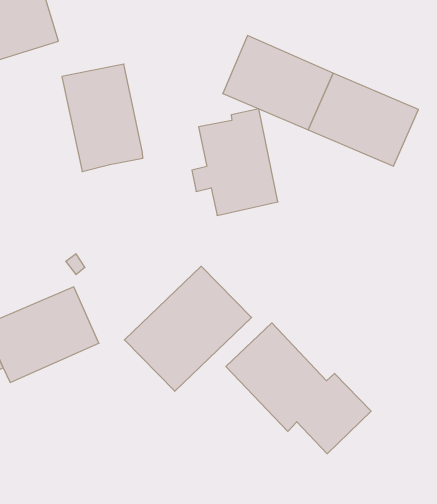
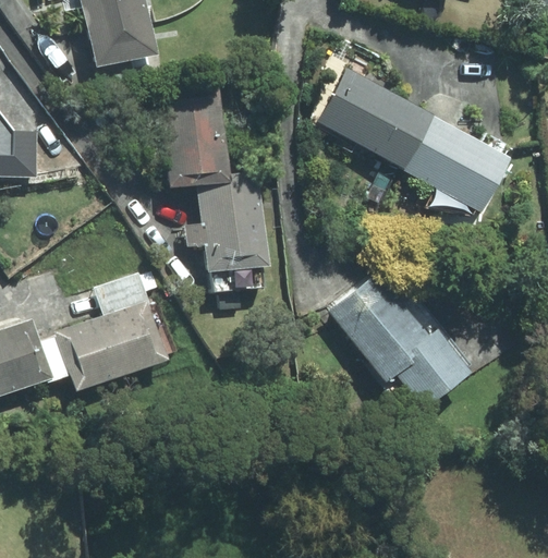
building: [192,109,278,215] -> [185,170,268,272]
building: [124,266,252,391] -> none
building: [226,323,371,454] -> [329,271,470,408]

